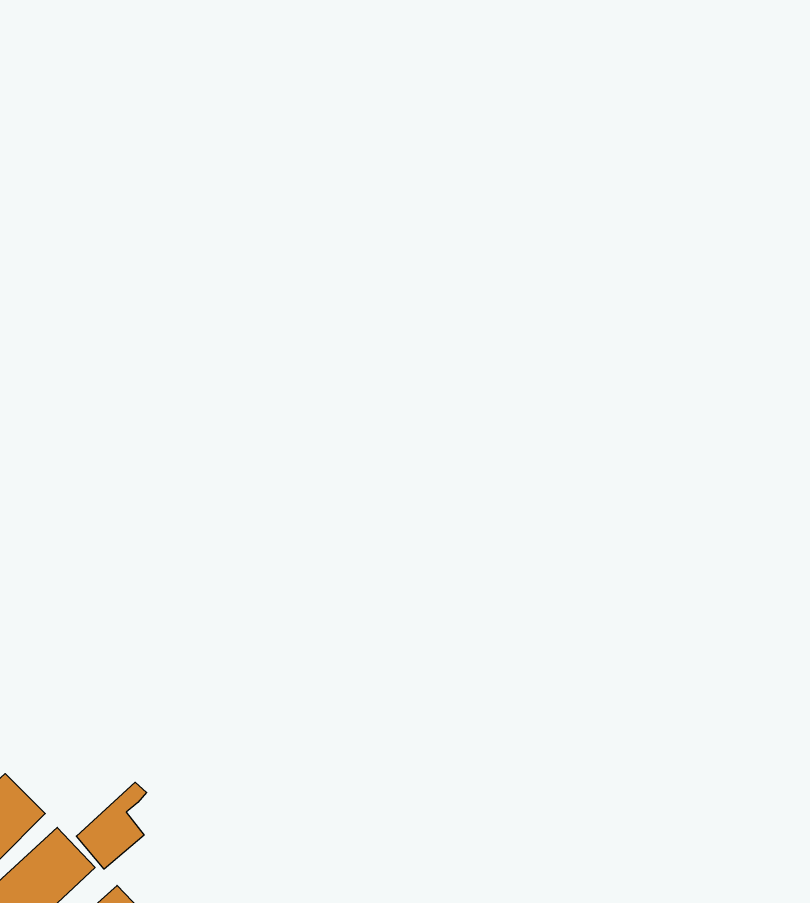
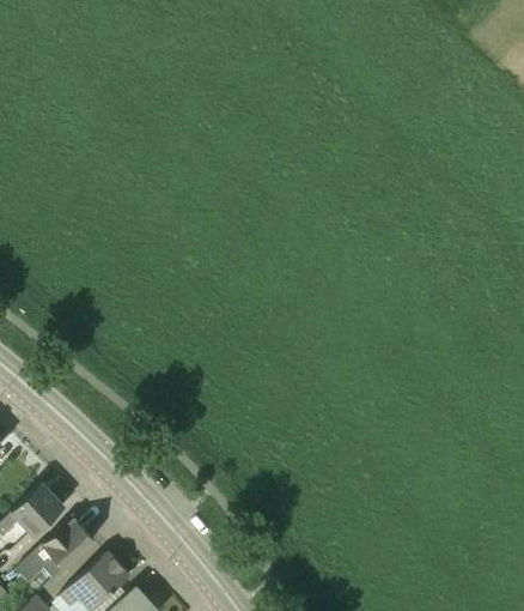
building: [76,782,147,869] -> none

